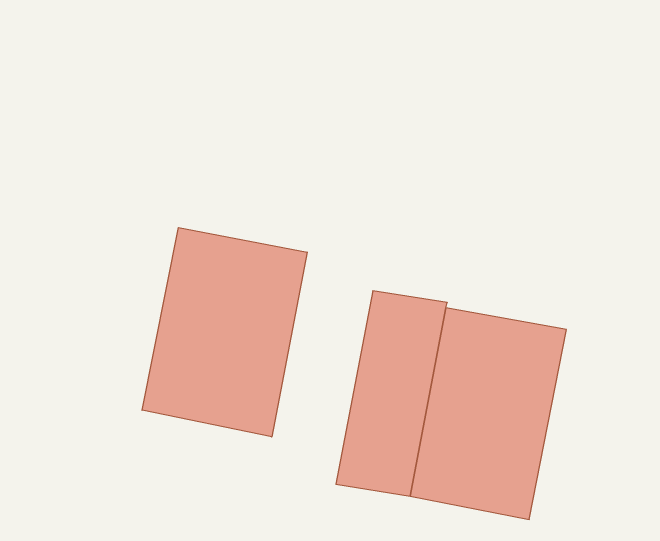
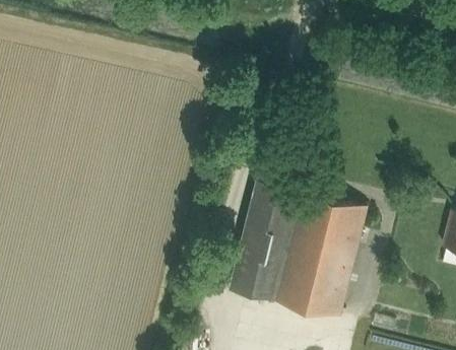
building: [142,228,307,437] -> none

